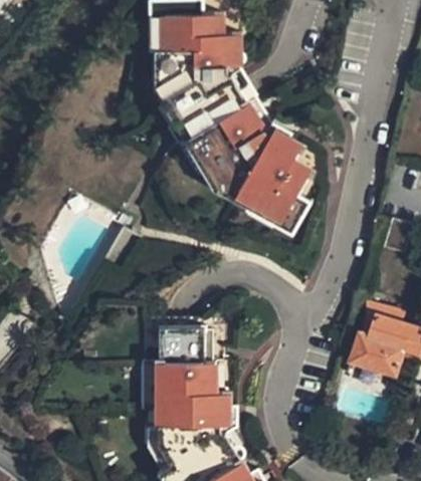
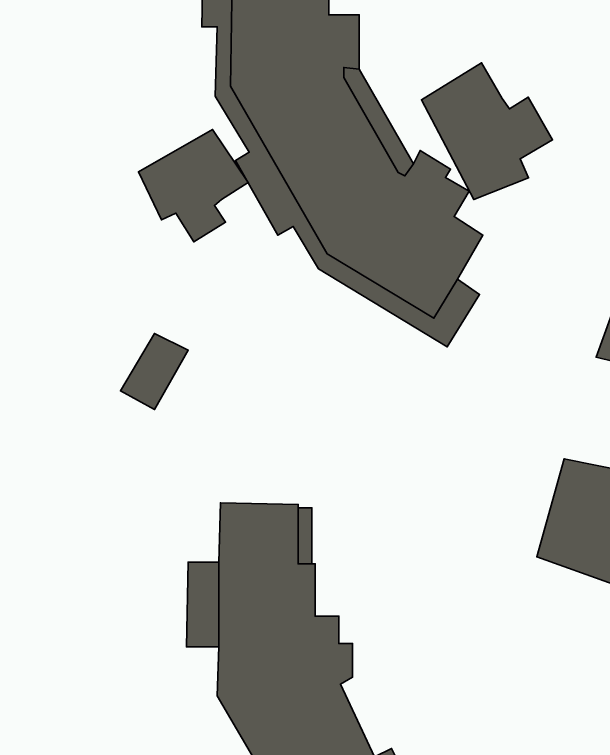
building: none -> [422,63,552,200]
building: none -> [138,129,248,242]

